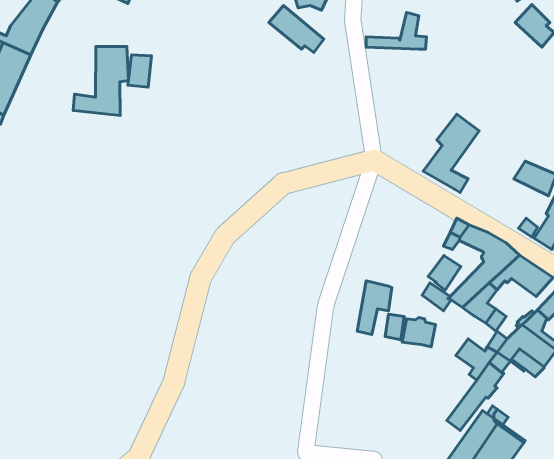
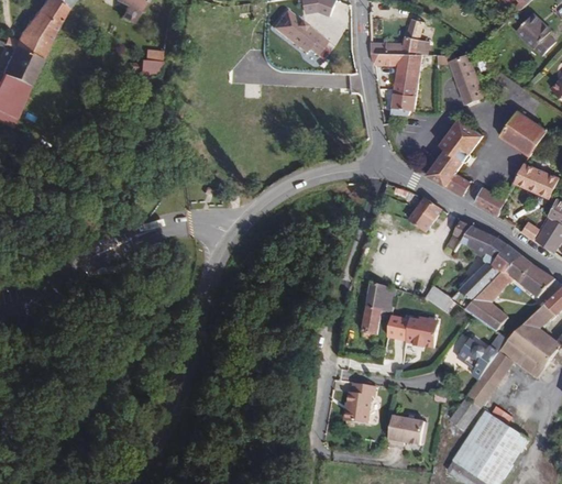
building: [73,46,128,115] -> none
building: none -> [371,52,422,114]
building: none -> [439,53,484,103]
building: none -> [498,109,547,157]
building: none -> [474,186,506,215]
building: [428,255,461,290] -> [409,198,441,232]
building: none -> [344,382,378,424]
building: none -> [387,416,423,444]

